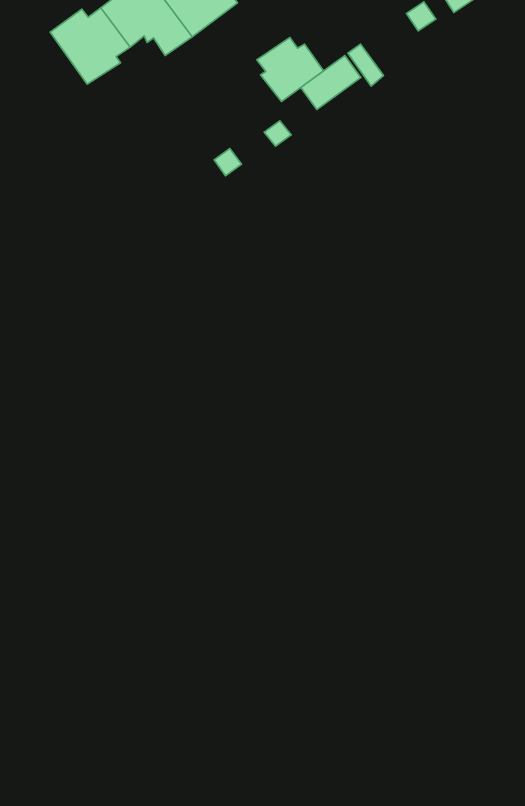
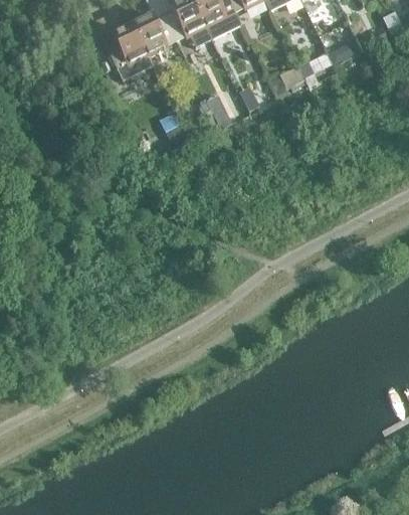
building: none -> [106,23,154,80]
building: [257,37,323,101] -> none

